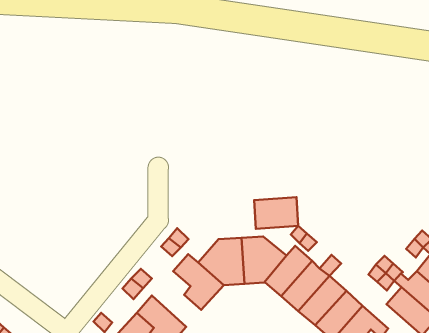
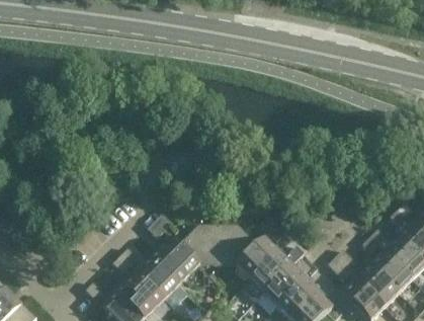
building: [254,197,298,229] -> none
building: none -> [137,250,179,300]

